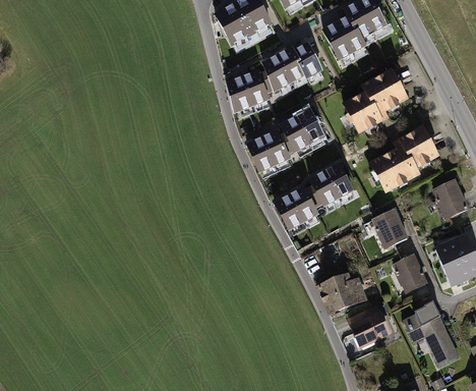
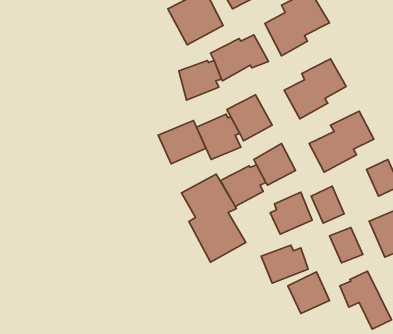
building: none -> [158,121,206,164]
building: none -> [181,174,246,262]
building: none -> [270,192,312,234]

